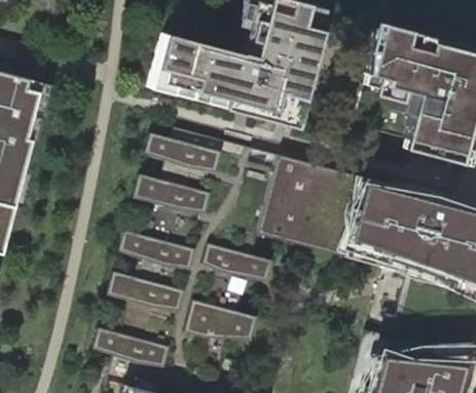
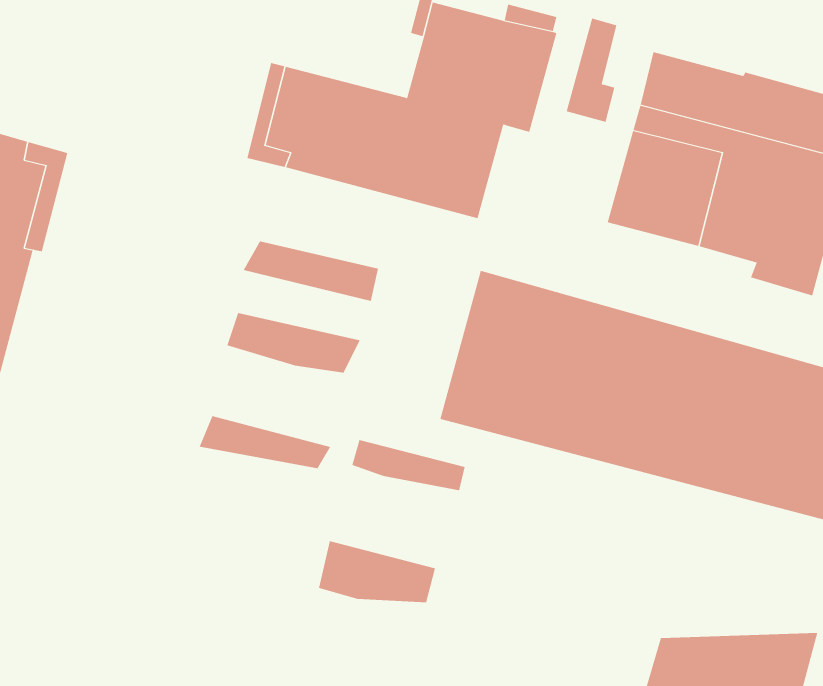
building: [279,71,307,129] -> [566,18,617,122]
building: [112,271,185,307] -> none
building: [98,330,169,364] -> none

